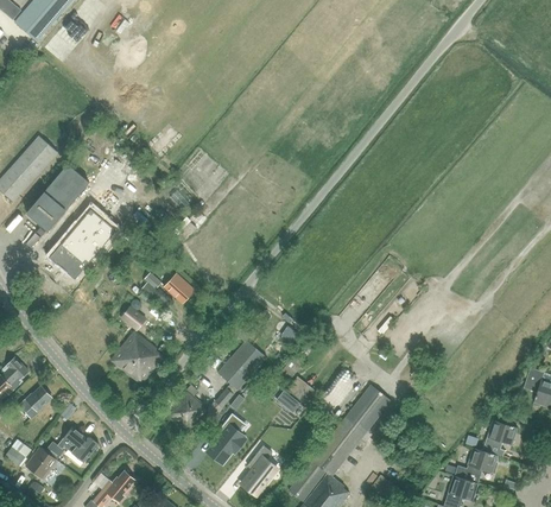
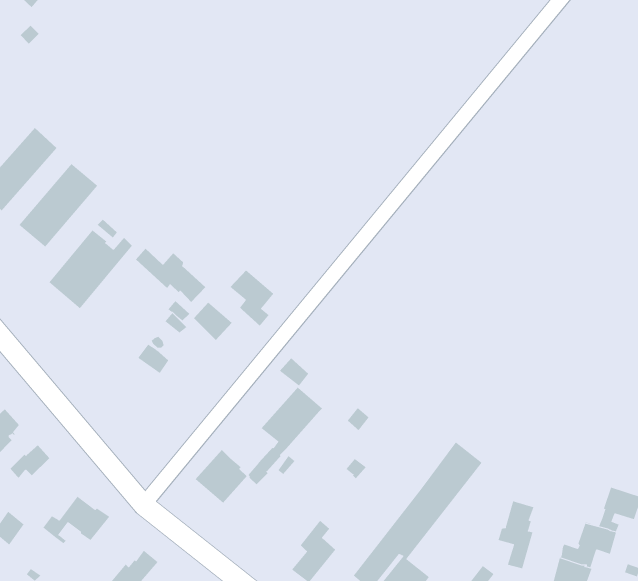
building: none -> [135,248,206,303]
building: none -> [230,269,274,326]
building: [112,331,163,384] -> none
building: [207,413,246,464] -> none
building: none -> [498,500,534,569]
building: [26,446,57,479] -> none

